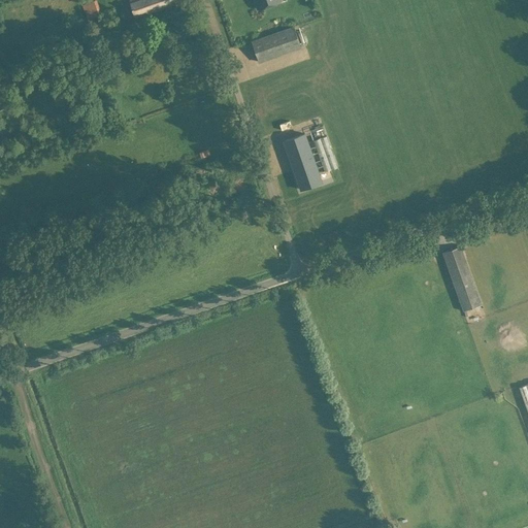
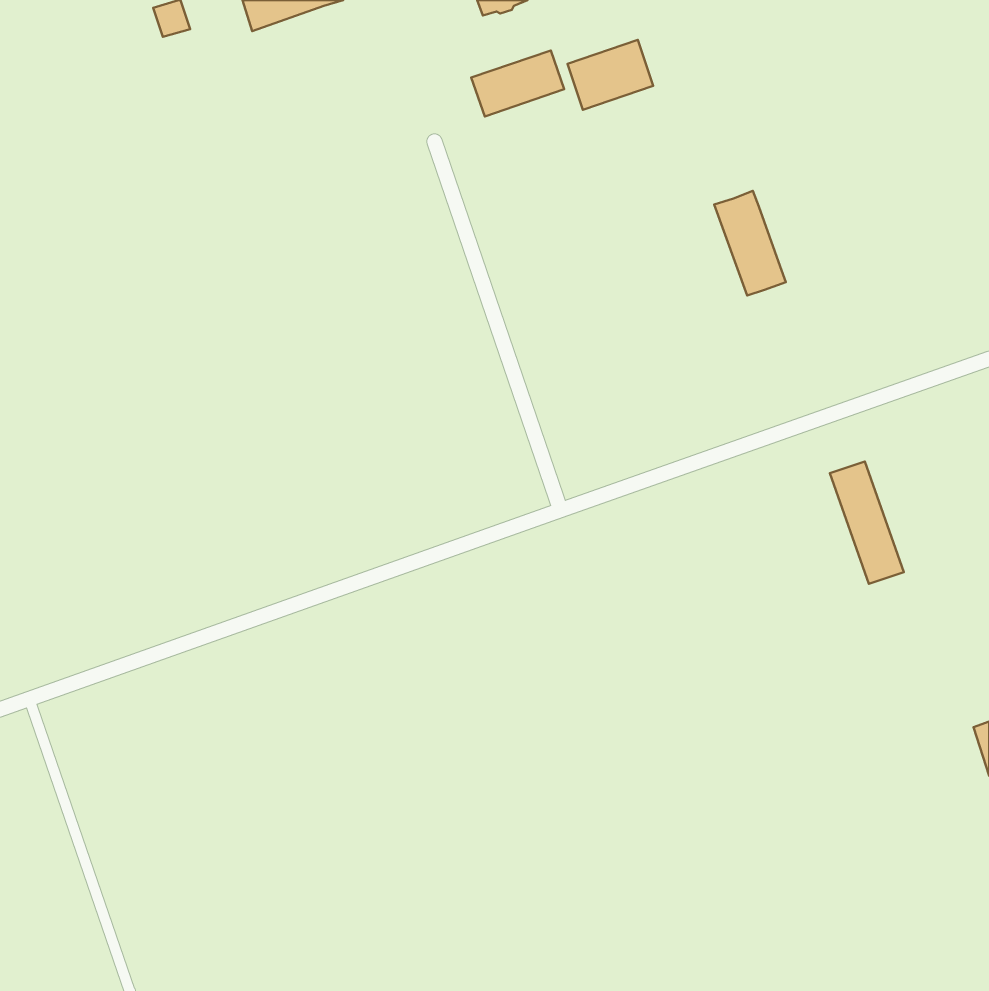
building: none -> [568,40,653,110]
building: [283,133,321,189] -> [714,191,786,296]

